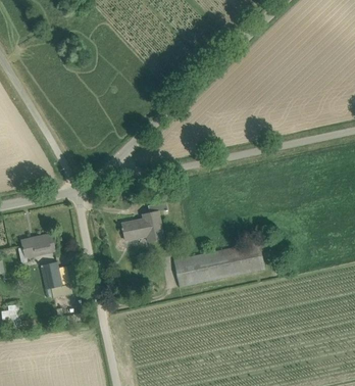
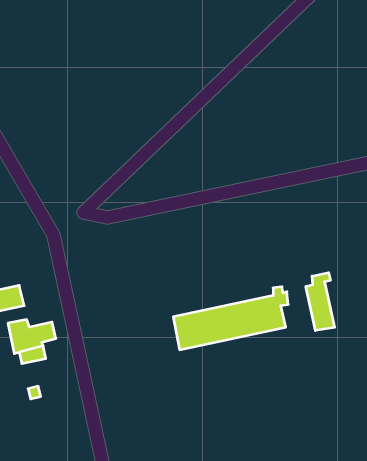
building: [120,201,167,240] -> none
building: none -> [306,273,335,331]

